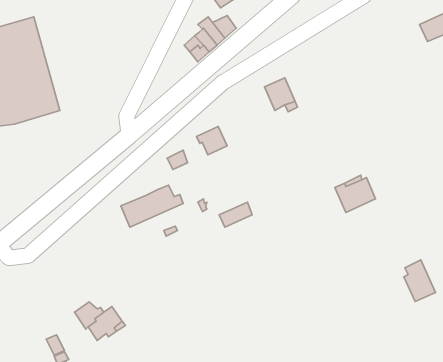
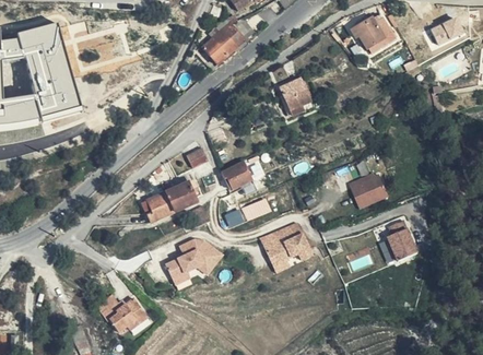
building: none -> [351,13,396,54]
building: [197,126,227,155] -> [222,162,251,189]
building: none -> [260,221,315,273]
building: none -> [166,230,224,284]
building: [404,260,435,302] -> [387,220,417,260]

